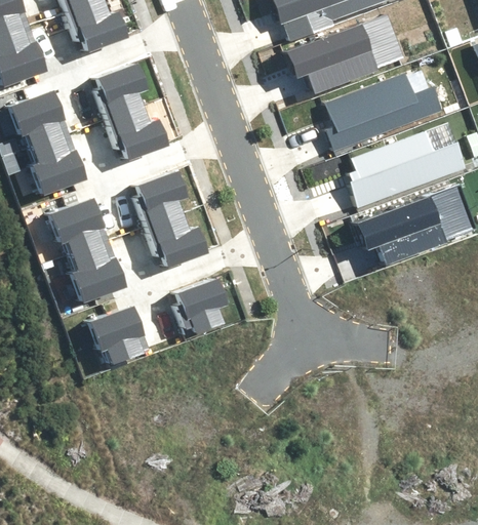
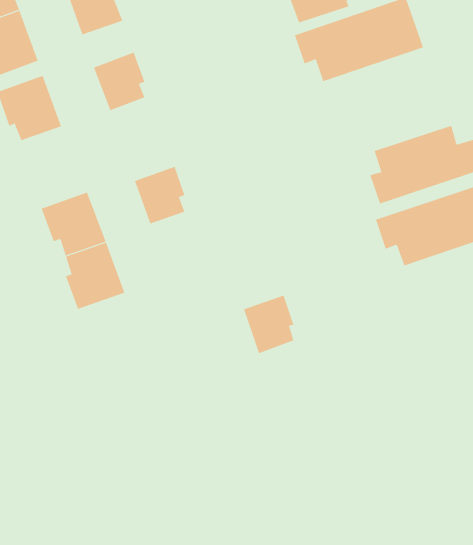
building: [324,75,439,149] -> none
building: [112,107,164,160] -> none
building: [30,133,84,196] -> none
building: [149,212,201,265] -> none
building: [176,279,224,333] -> [243,295,294,354]
building: [87,305,148,364] -> none

